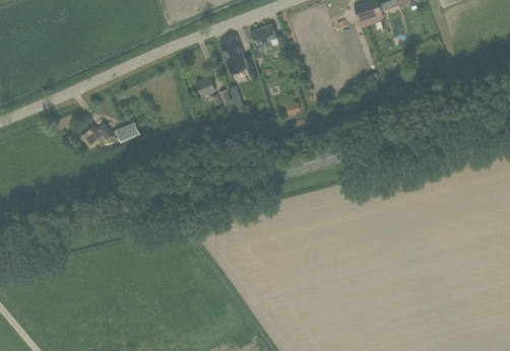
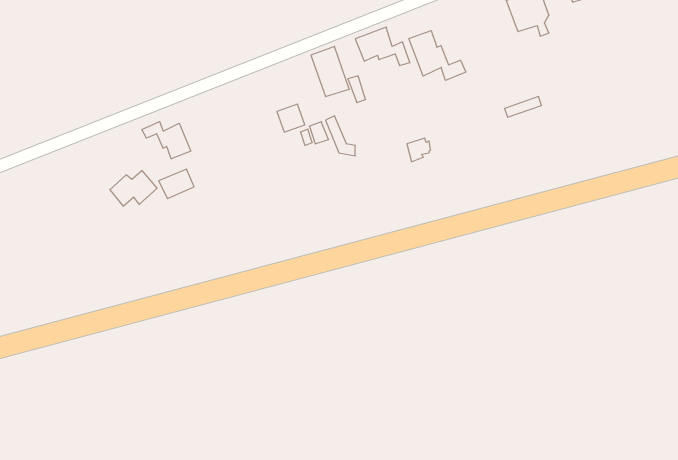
building: none -> [409,31,466,80]
building: none -> [142,122,191,159]

